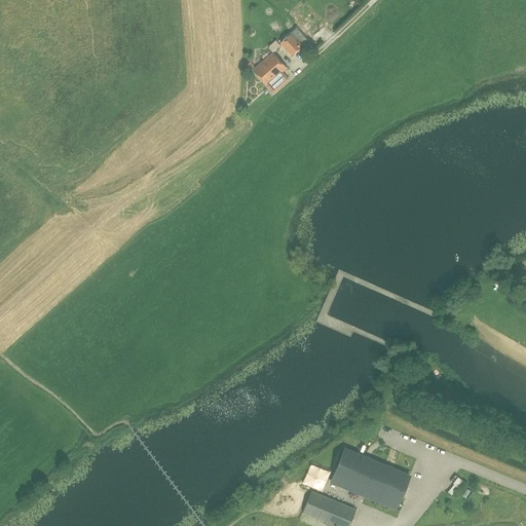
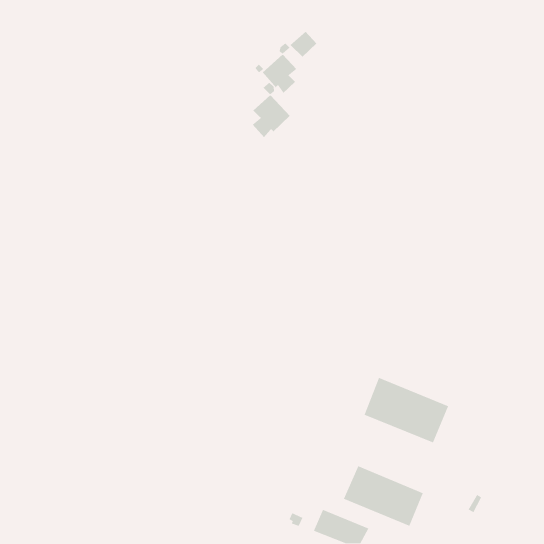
building: none -> [252,82,291,138]
building: none -> [364,377,449,443]

